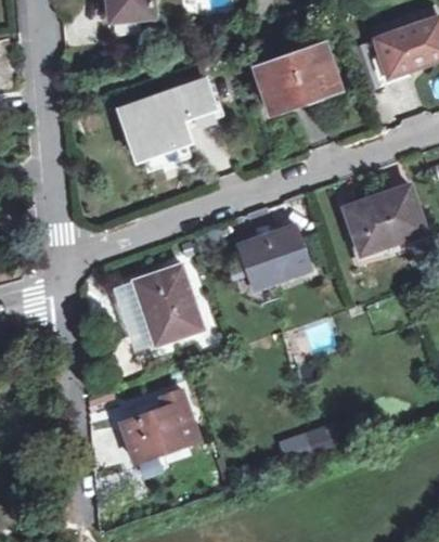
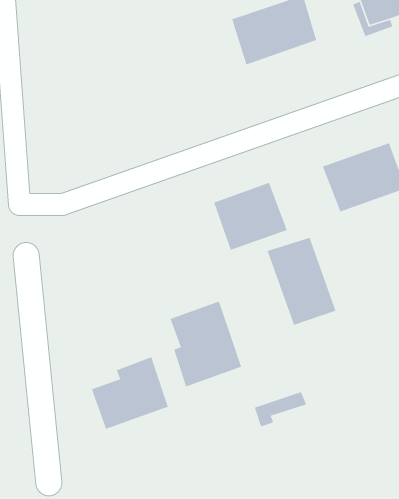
building: [120,78,214,158] -> none
building: [133,263,203,347] -> [170,300,242,388]
building: none -> [266,237,337,326]

